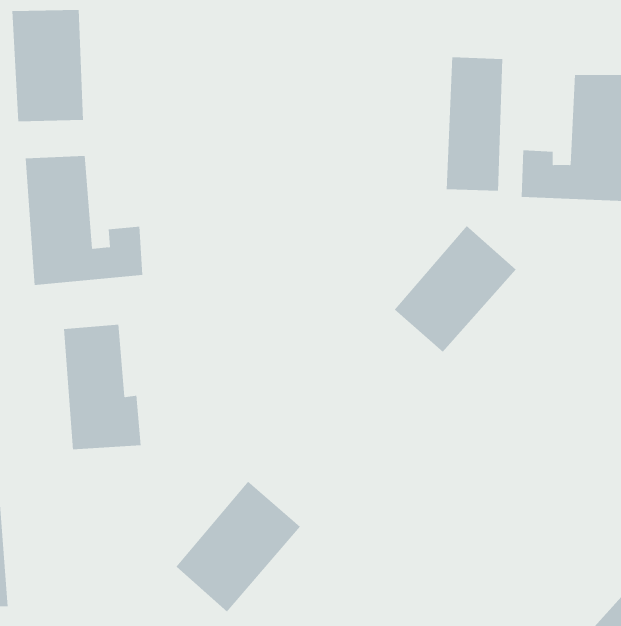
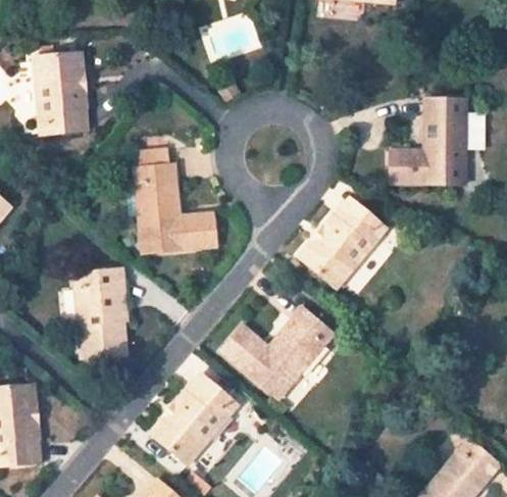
building: [446,57,503,192] -> none
building: [25,155,143,285] -> [135,165,216,255]
building: none -> [221,307,335,399]

